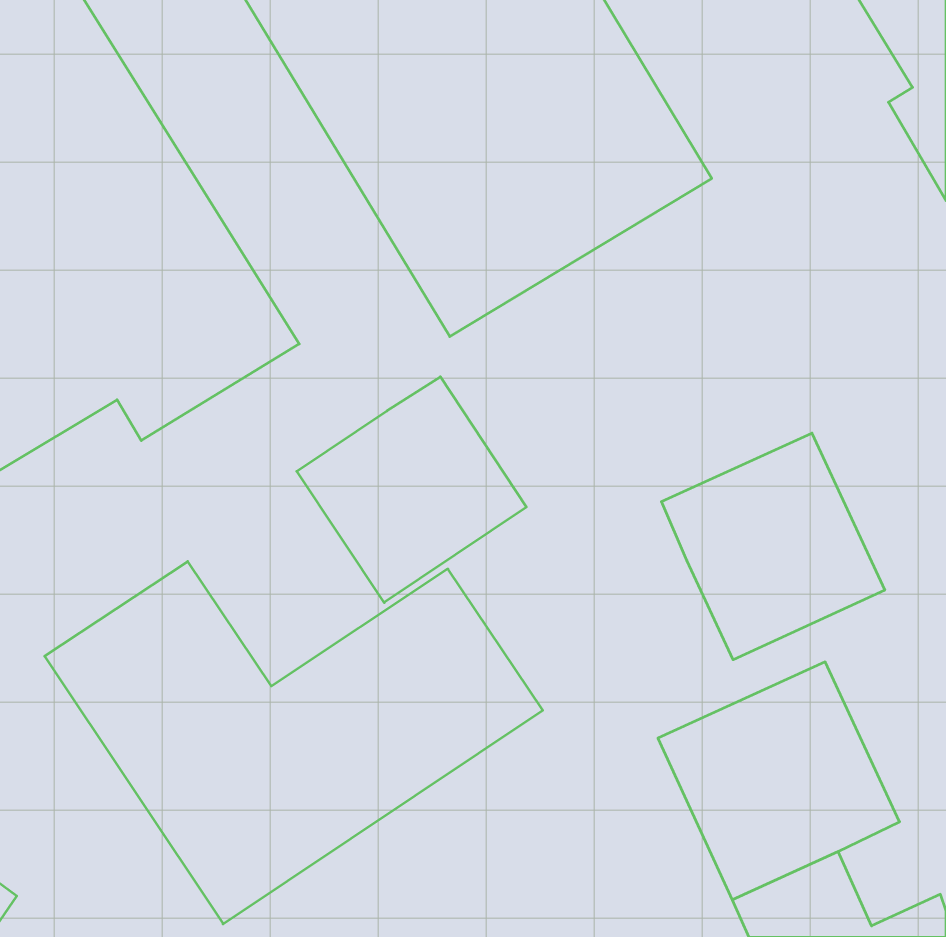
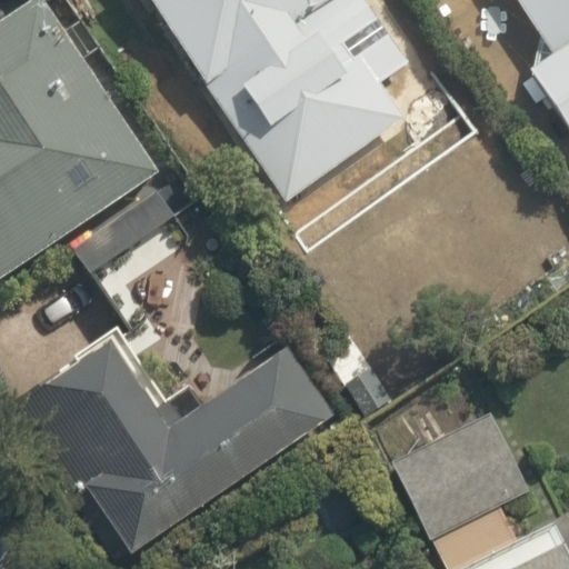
building: [297,377,526,603] -> none
building: [661,433,885,660] -> none

